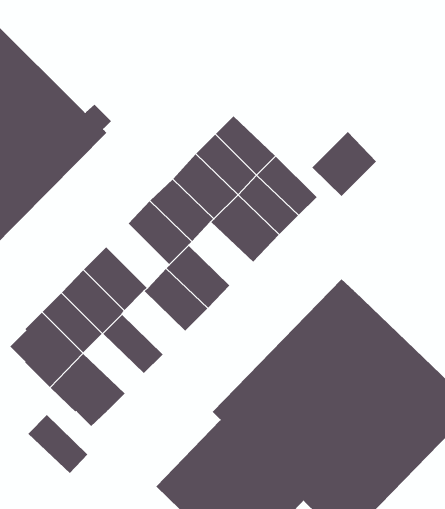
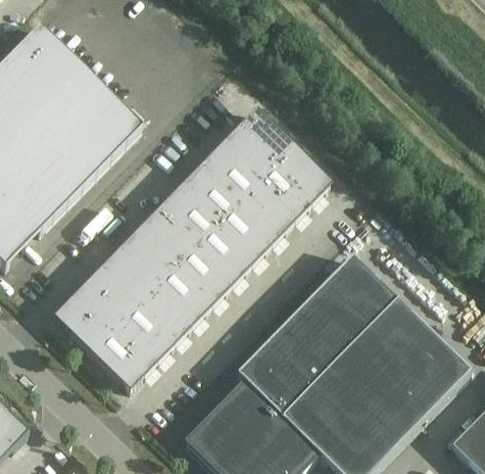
building: [311,131,377,197] -> none
building: none -> [215,204,273,260]
building: none -> [142,205,198,263]
building: none -> [156,266,212,322]
building: [27,414,88,474] -> [122,303,176,357]

